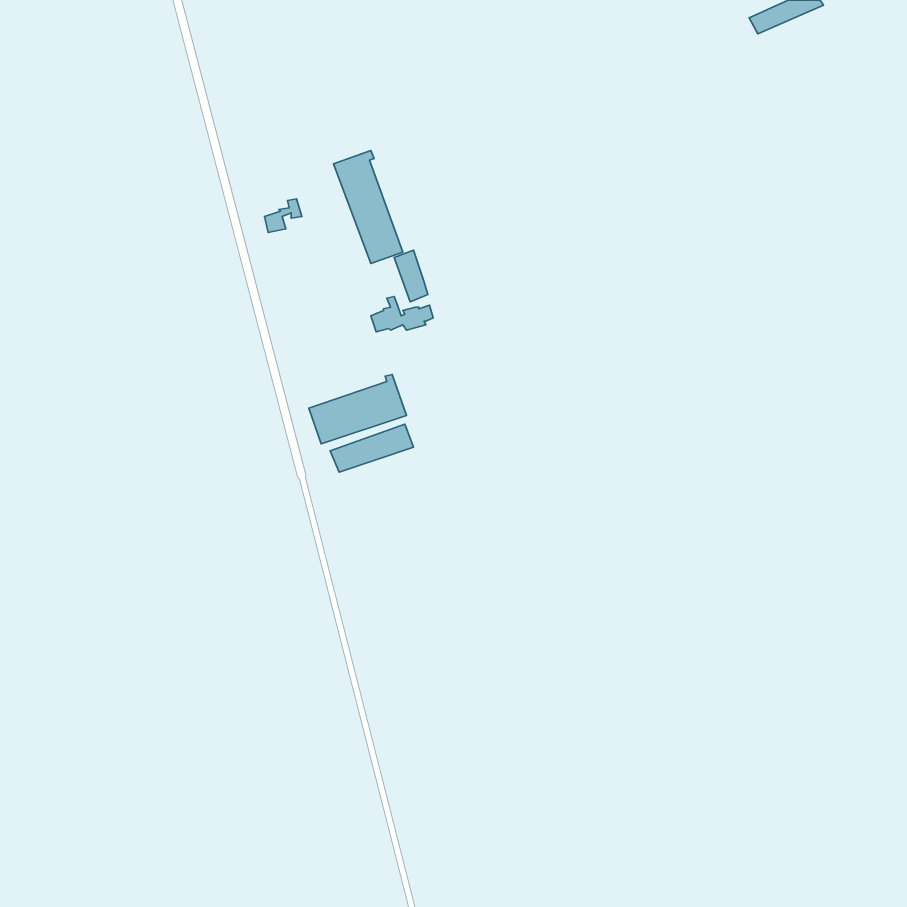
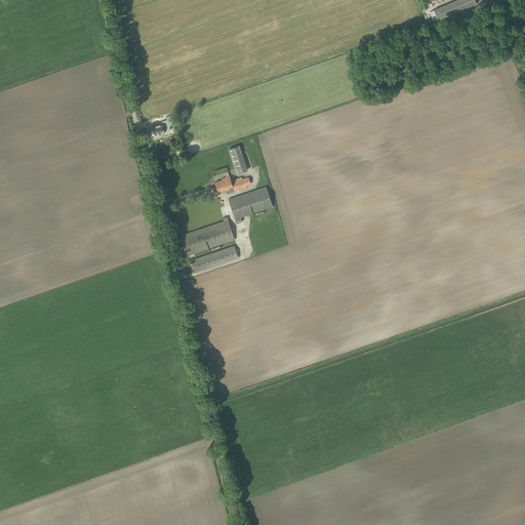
building: [334,150,403,264] -> none
building: none -> [228,186,274,224]

